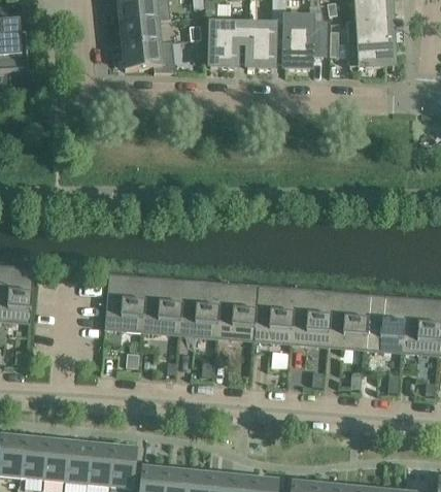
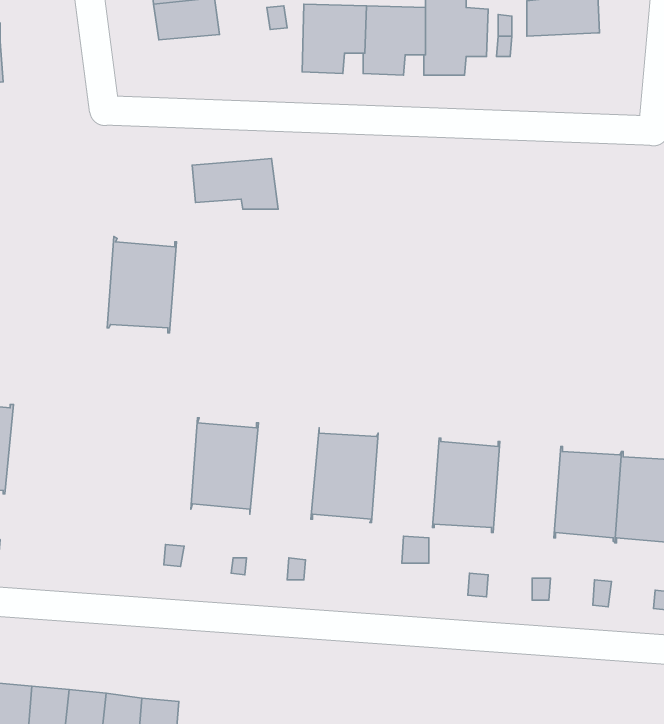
building: [123,41,175,72] -> [192,159,278,209]
building: [347,41,393,69] -> none
building: [104,273,146,332] -> [107,237,176,333]
building: [178,280,220,338] -> none
building: [252,286,294,343] -> none
building: [327,291,368,350] -> none

